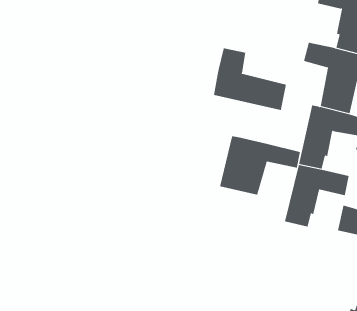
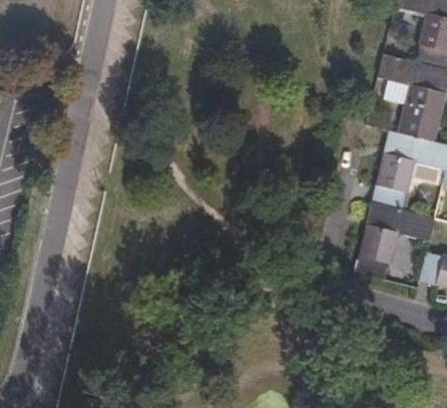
building: [214,48,286,111] -> none
building: [219,136,301,196] -> none

